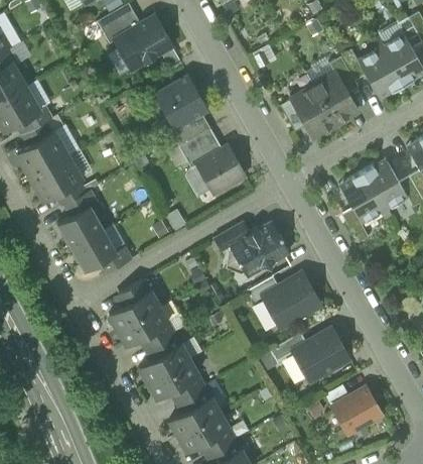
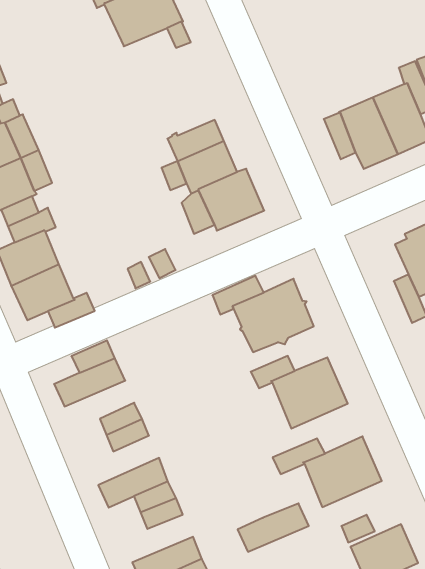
building: [156,74,208,128] -> none
building: [118,307,167,346] -> none
building: [139,344,189,383] -> none
building: [169,397,220,436] -> [238,503,309,552]

